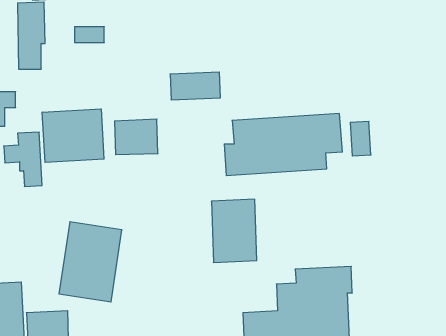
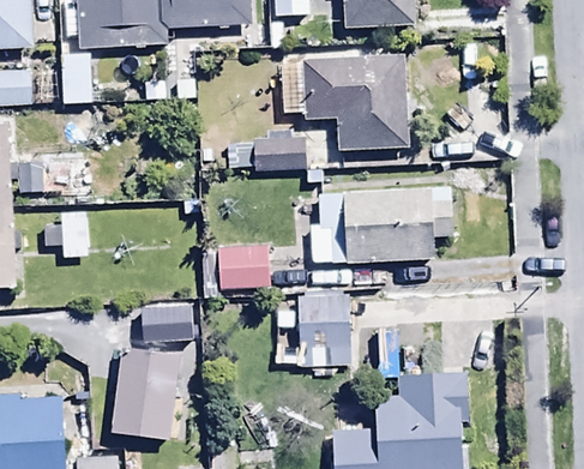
building: none -> [281,54,413,149]
building: [42,109,104,162] -> none
building: [115,119,158,155] -> [217,245,270,288]

